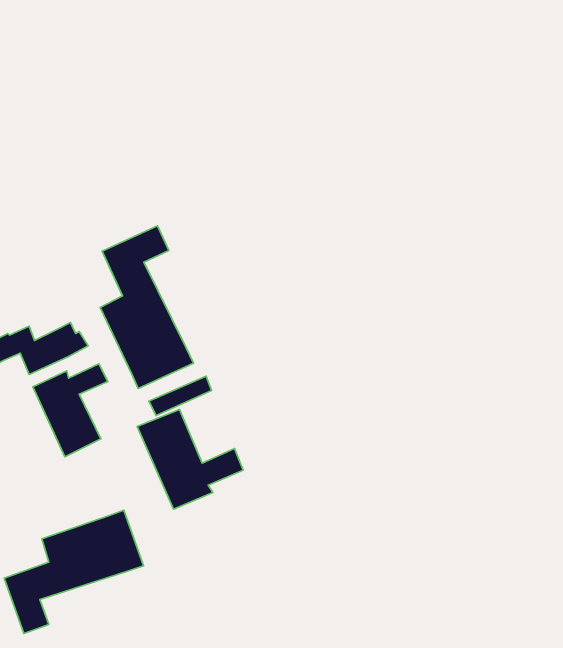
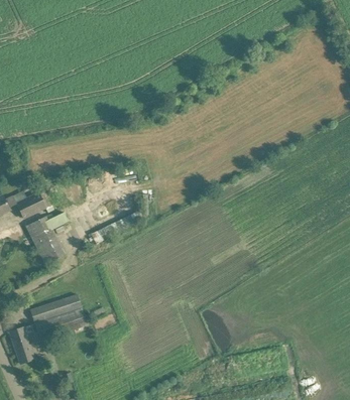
building: [100,226,194,389] -> none
building: [137,409,243,509] -> none

